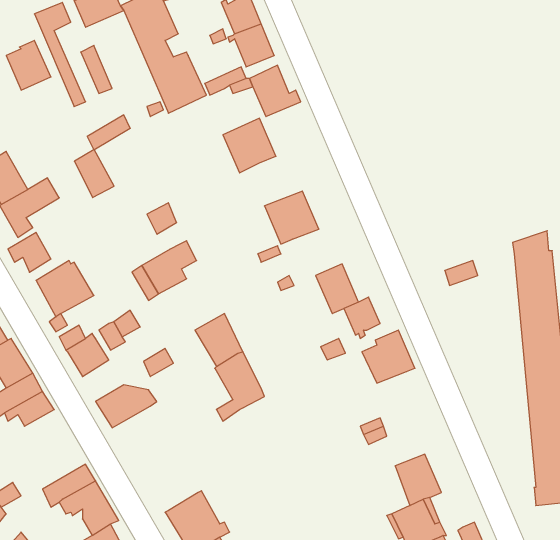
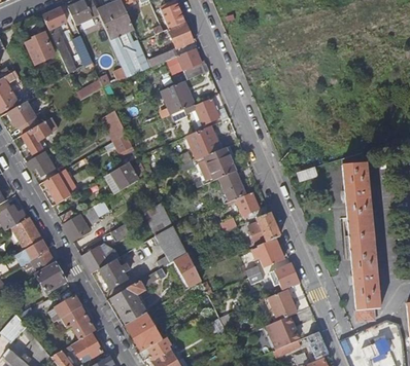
building: none -> [183,98,218,124]
building: [74,150,114,198] -> [102,110,127,140]
building: none -> [198,145,236,181]
building: none -> [252,237,283,266]
building: none -> [173,253,201,288]
building: none -> [99,259,129,288]
building: none -> [34,261,66,292]
building: none -> [273,262,300,289]
building: none -> [110,271,159,324]

